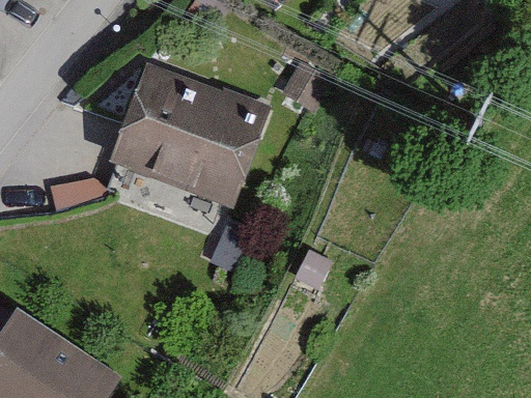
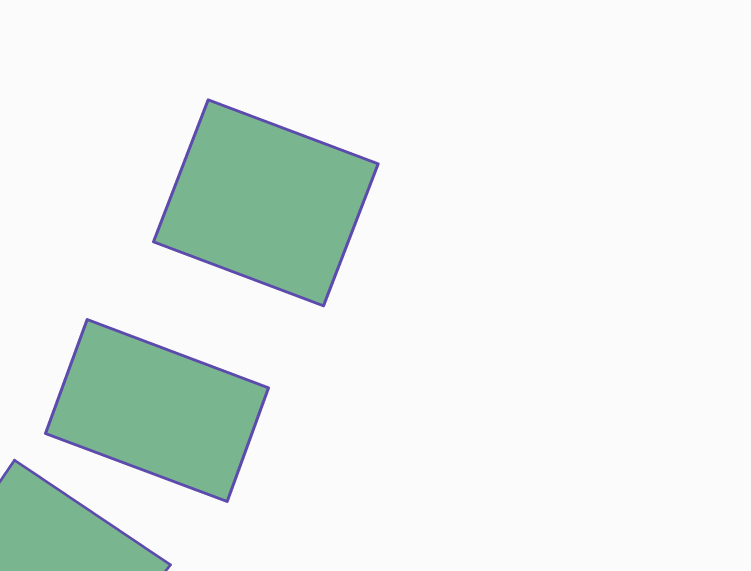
building: none -> [46,320,269,502]

